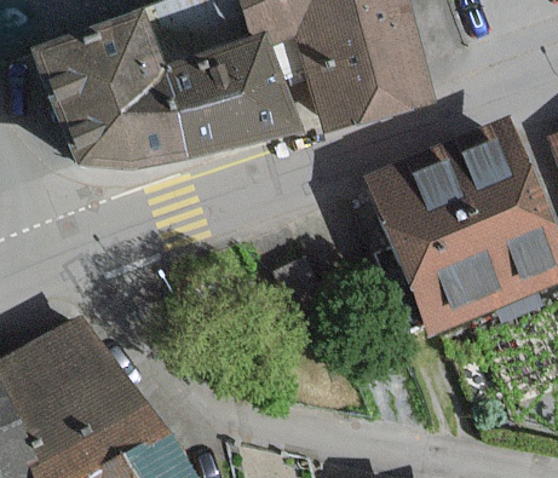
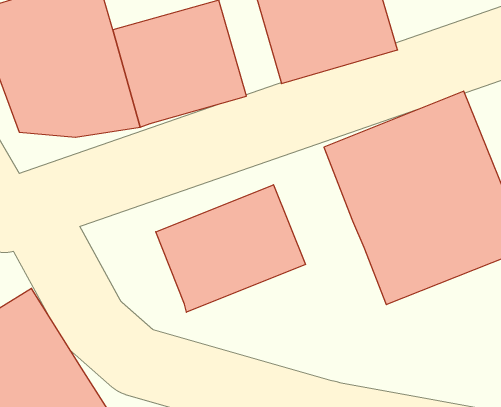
building: none -> [156,185,305,312]

